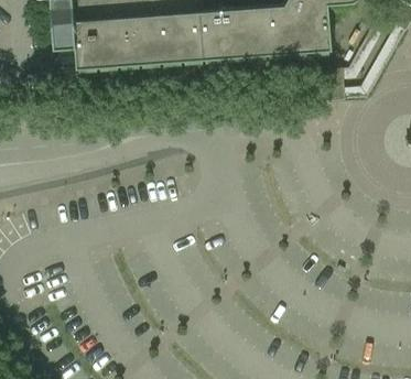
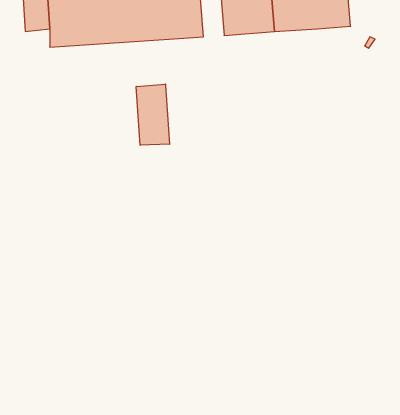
building: none -> [136,84,170,145]

